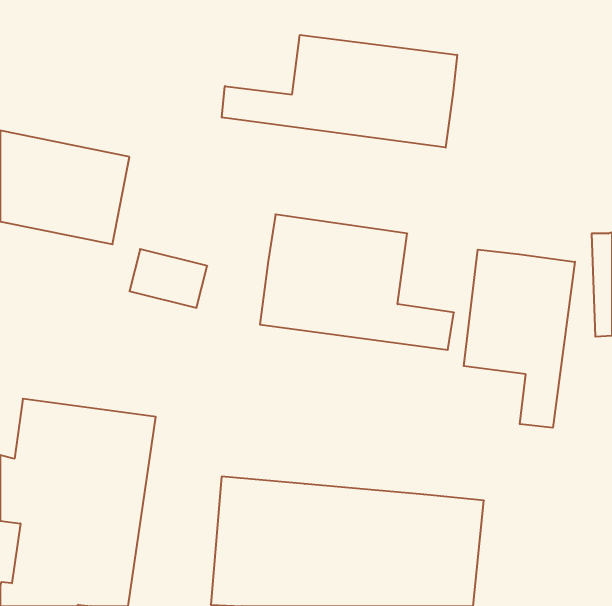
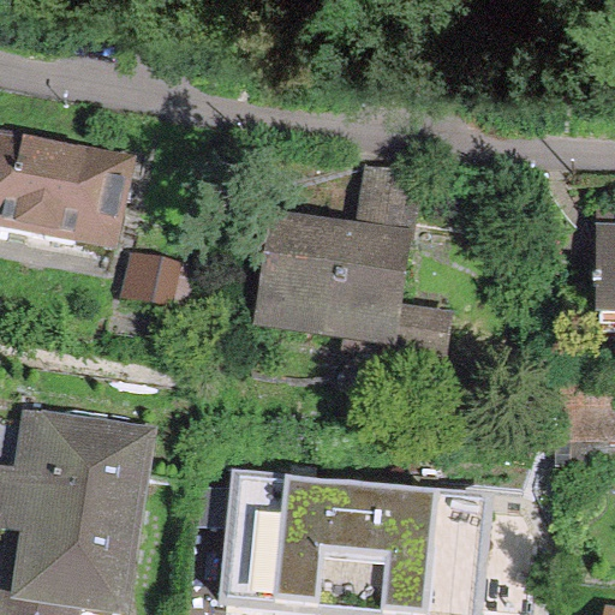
building: [222,35,457,148] -> none
building: [464,250,575,428] -> none

